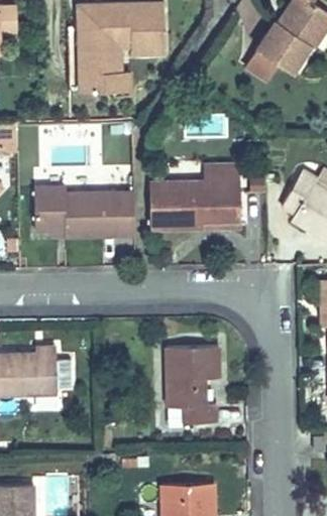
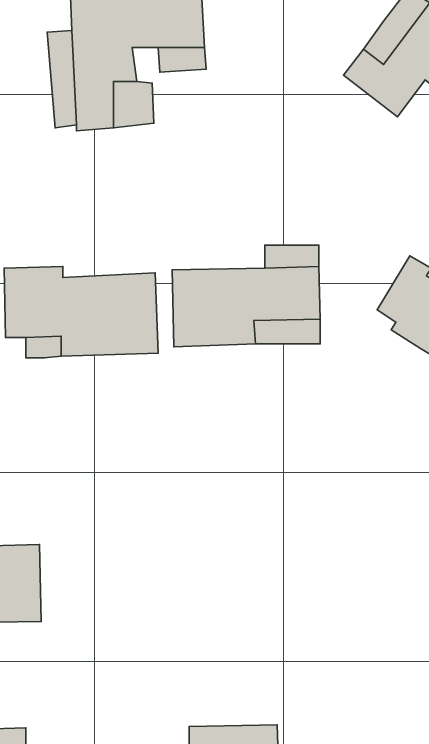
building: [161,337,217,422] -> none

